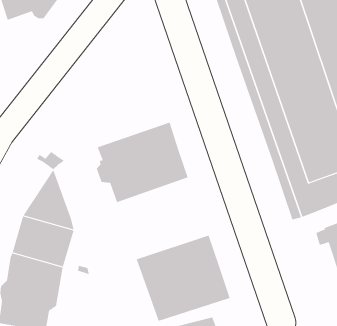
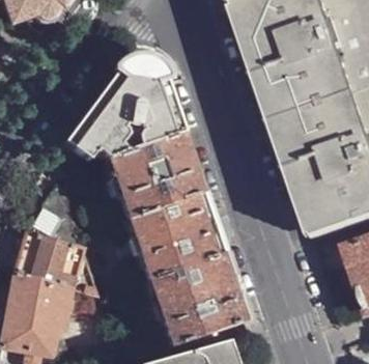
building: none -> [59,59,183,162]
building: none -> [126,192,225,279]

